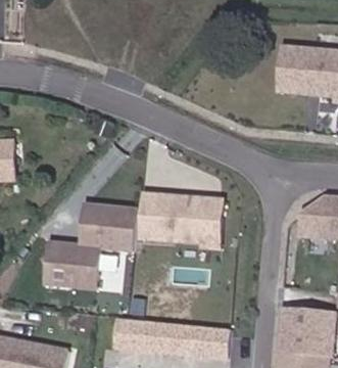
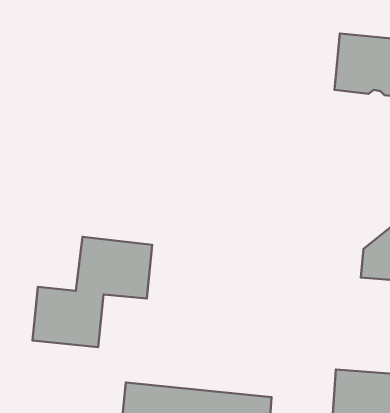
building: [140,193,224,248] -> none

